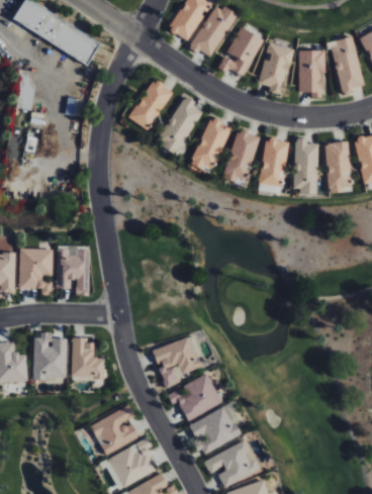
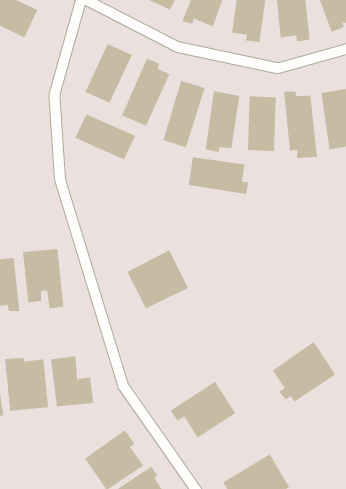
building: none -> [74,114,136,160]
building: none -> [188,156,249,195]
building: [152,335,202,383] -> [126,250,189,309]
building: [189,404,243,454] -> [272,341,336,403]

